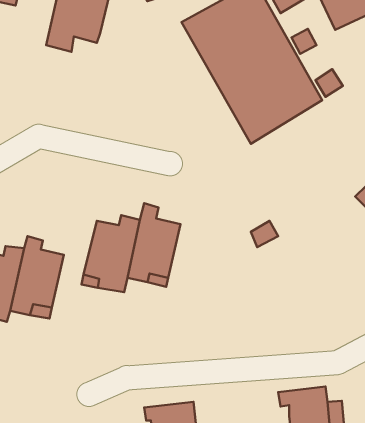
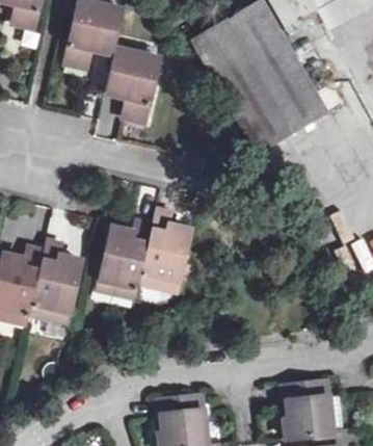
building: none -> [105,49,158,121]

